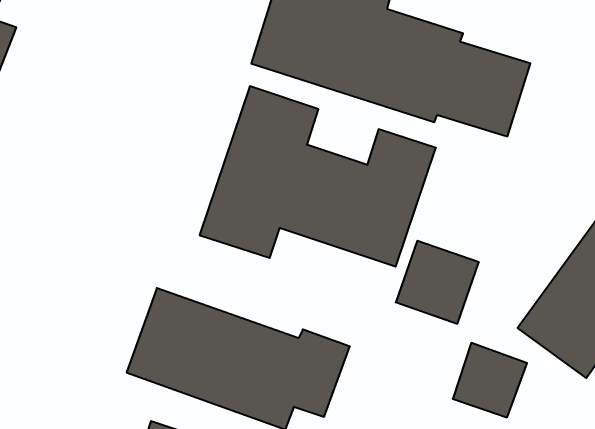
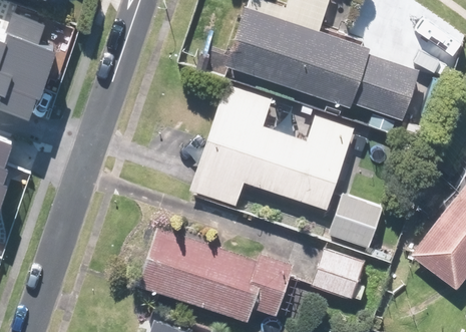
building: [453,343,527,417] -> [312,249,364,301]

